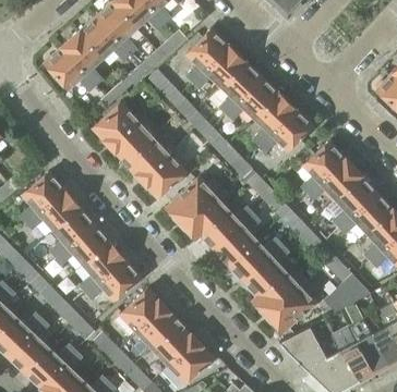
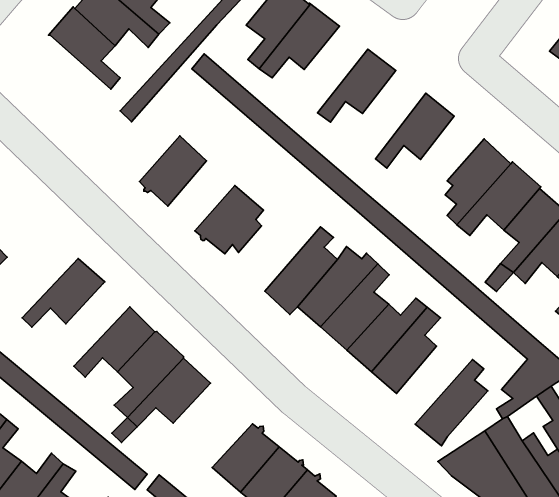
building: [45,48,97,93] -> none
building: [219,61,262,114] -> none
building: [252,91,296,147] -> none
building: [93,102,137,146] -> none
building: [125,137,169,181] -> none
building: [19,172,65,224] -> none
building: [166,176,220,223] -> none
building: [49,208,95,258] -> none
building: [252,269,308,317] -> none
building: [120,289,165,331] -> none

